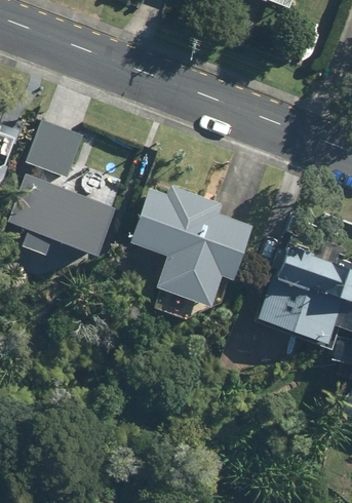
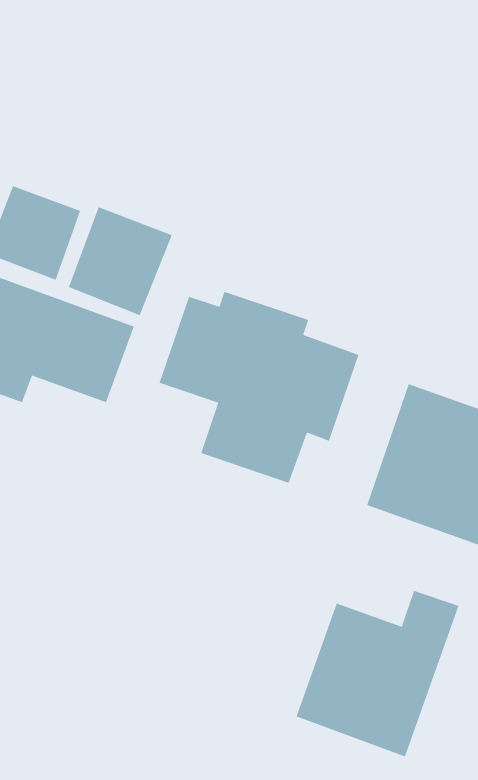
building: none -> [68,206,173,316]
building: none -> [296,590,460,757]

